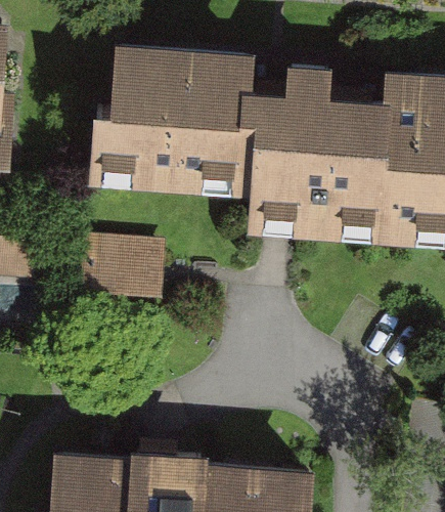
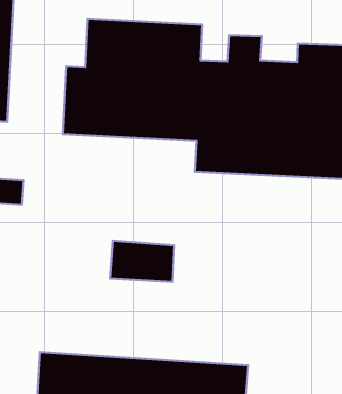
building: [85,239,165,290] -> [110,241,174,282]

